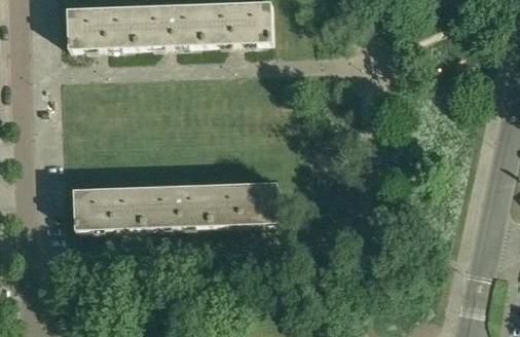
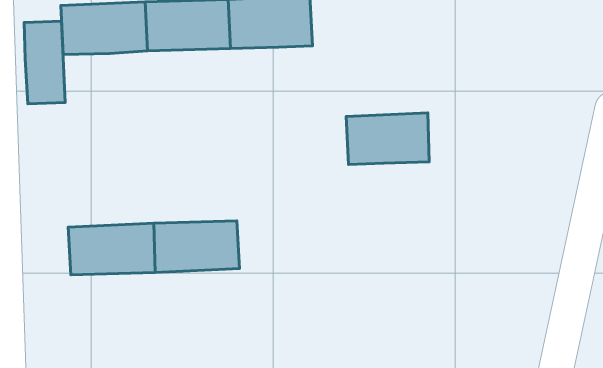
building: none -> [24,21,65,104]
building: [211,182,278,224] -> [346,113,429,164]

